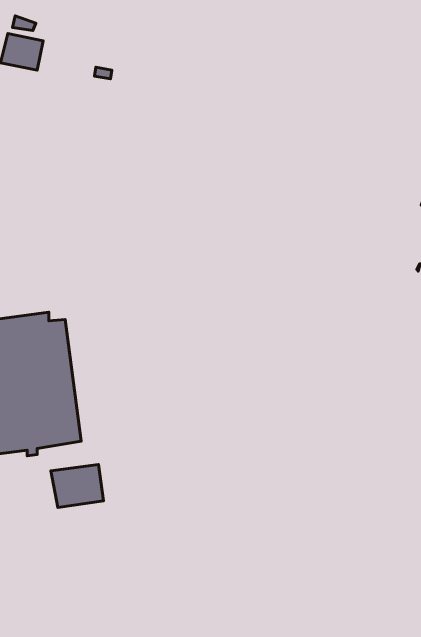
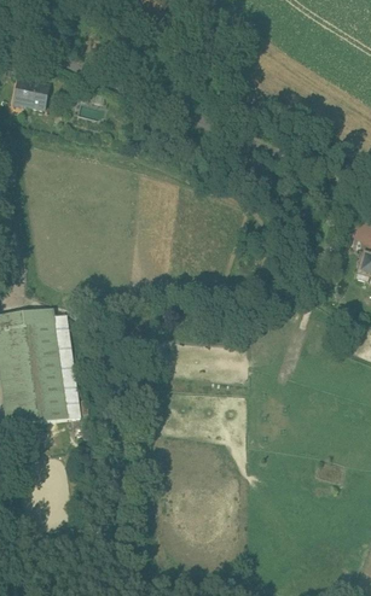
building: [51,464,103,508] -> none

